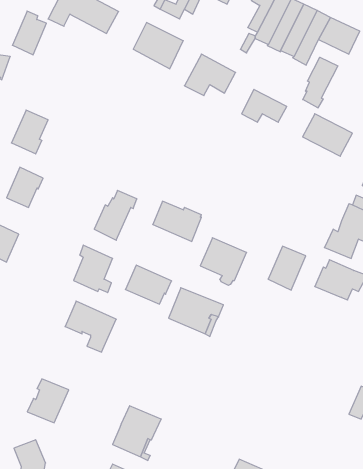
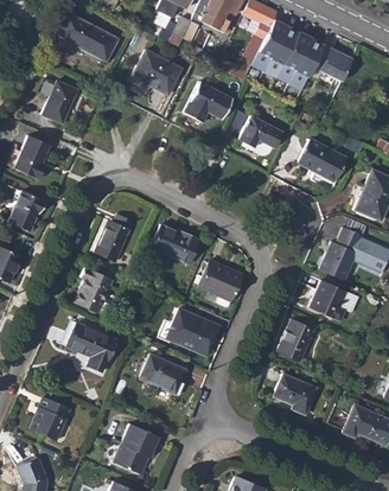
building: [12,11,46,55] -> [43,81,76,123]
building: [303,57,338,108] -> none
building: [268,246,306,290] -> [278,319,314,362]
building: [125,265,172,304] -> [140,353,185,391]
building: none -> [274,374,317,414]

